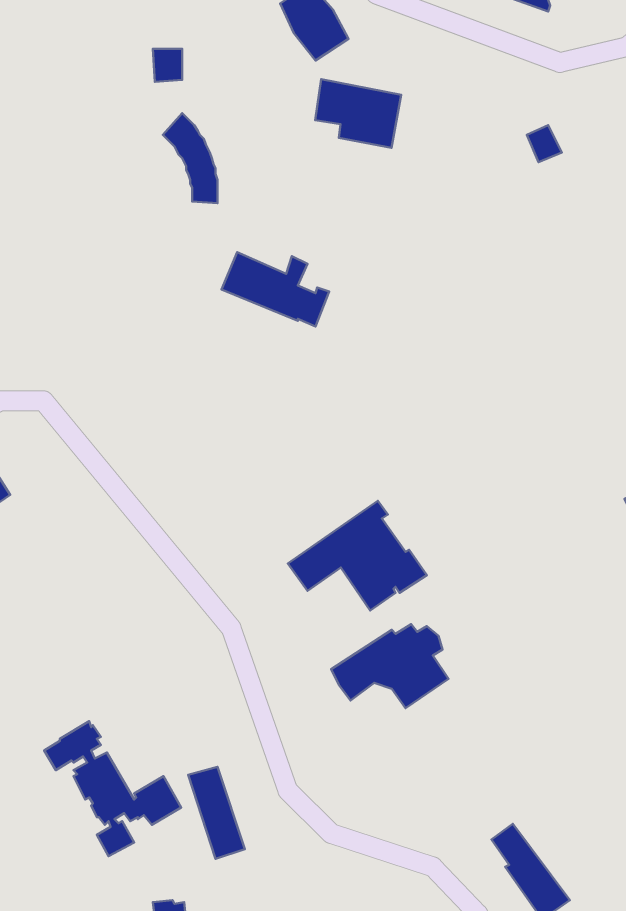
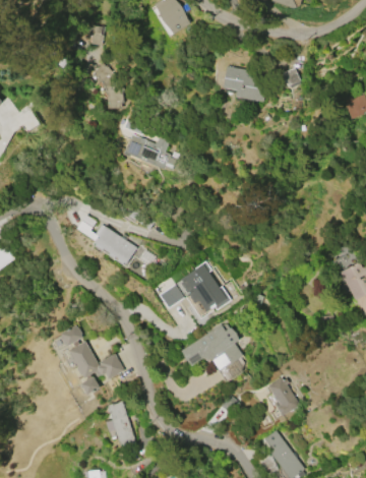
building: [315,79,401,148] -> [223,67,267,103]
building: none -> [75,215,142,265]
building: none -> [267,377,300,417]
building: [44,721,181,856] -> [52,325,123,396]

